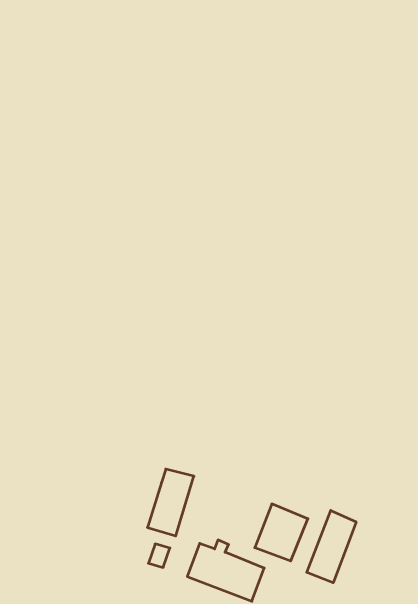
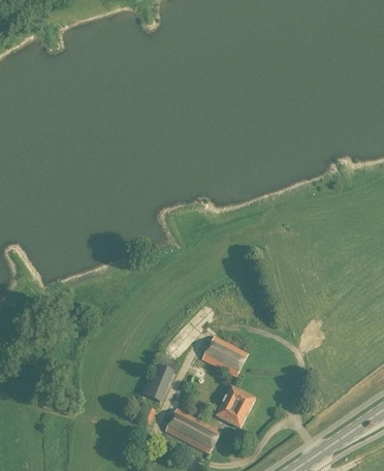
building: none -> [201,337,249,378]
building: [307,510,356,583] -> none

